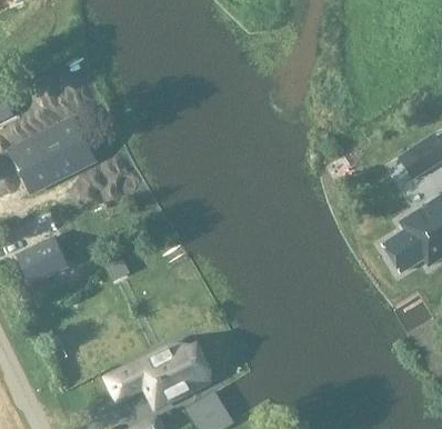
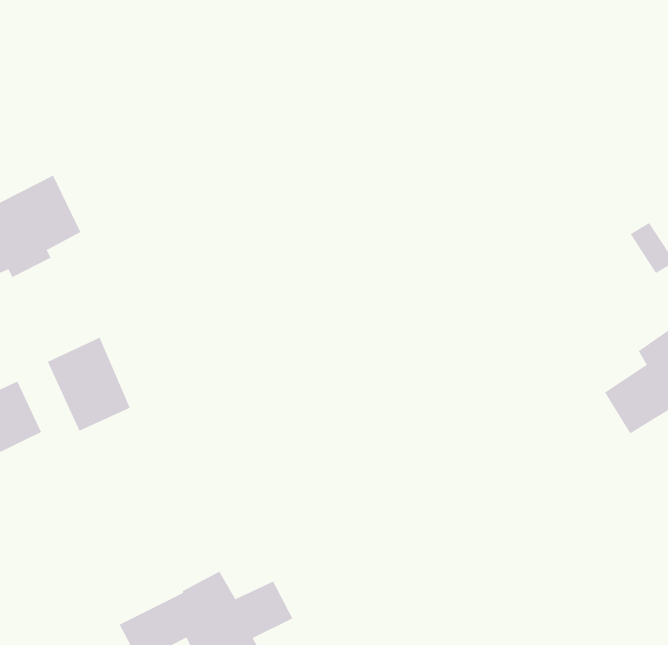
building: none -> [47,337,131,432]

